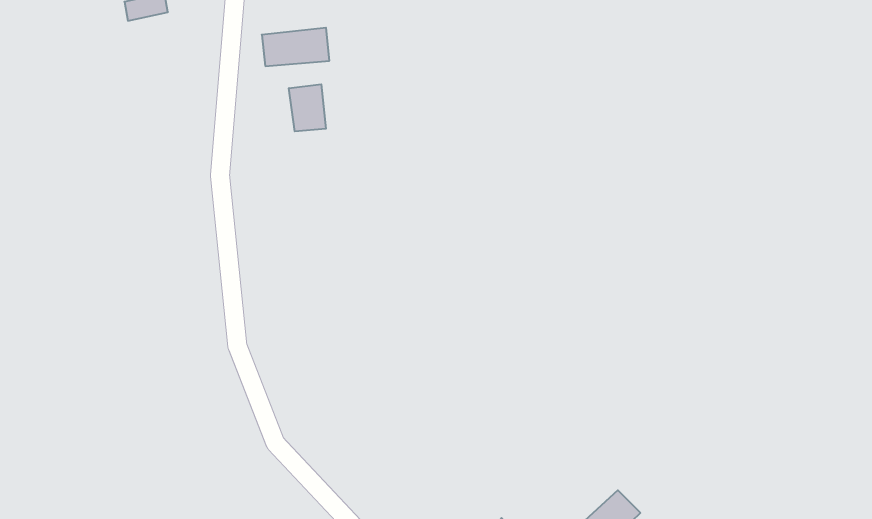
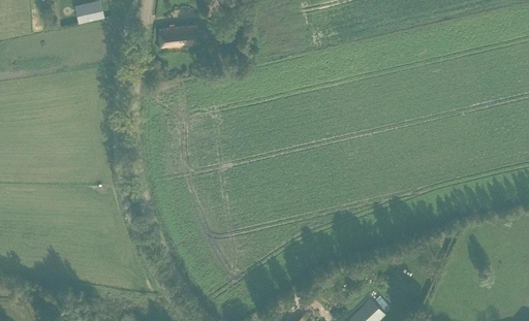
building: [289,84,326,131] -> none

